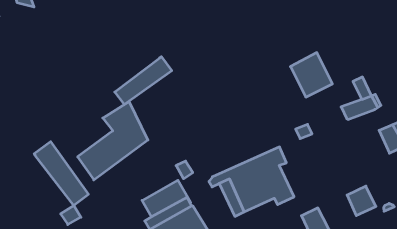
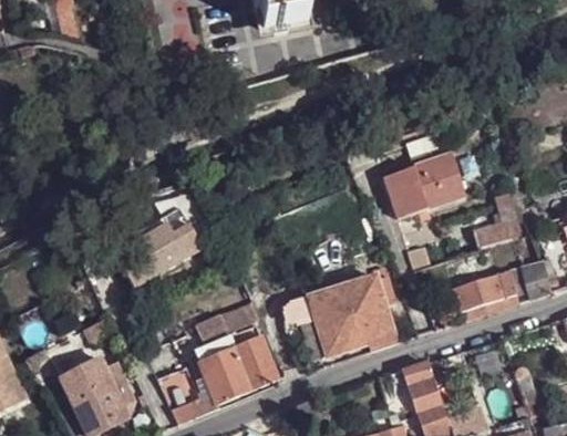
building: [115,57,172,105] -> none
building: none -> [382,167,429,221]
building: none -> [453,270,519,320]
building: [34,142,88,206] -> none

